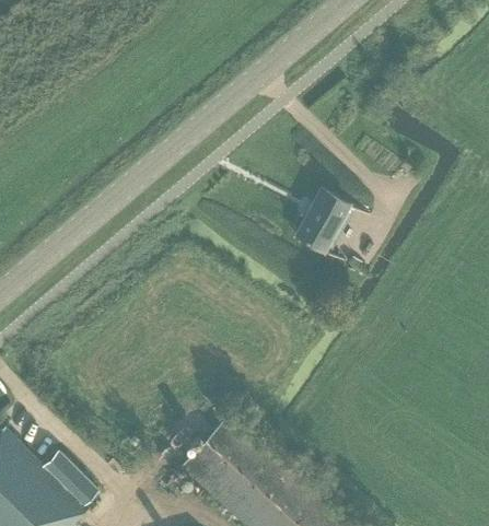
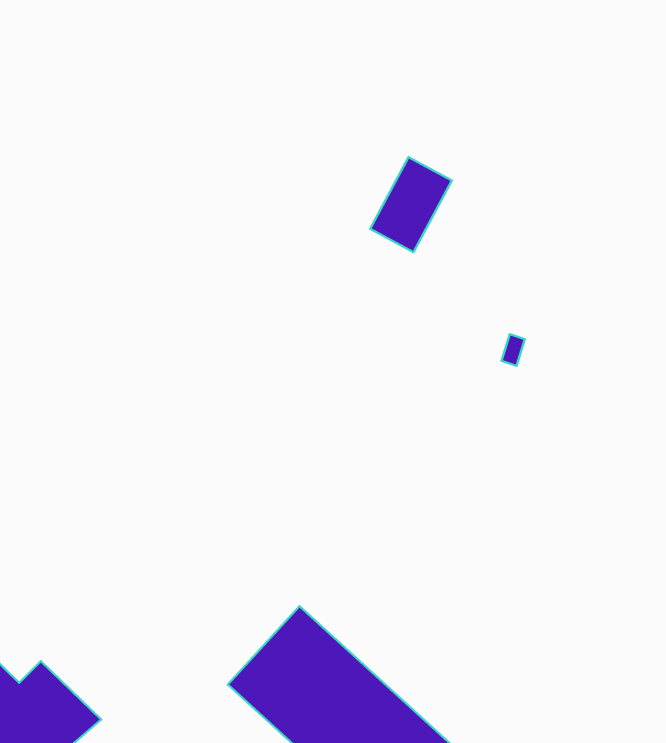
building: [295,189,349,252] -> [370,157,452,252]

